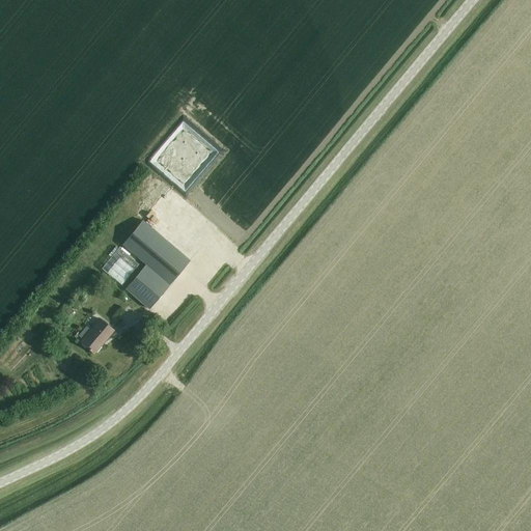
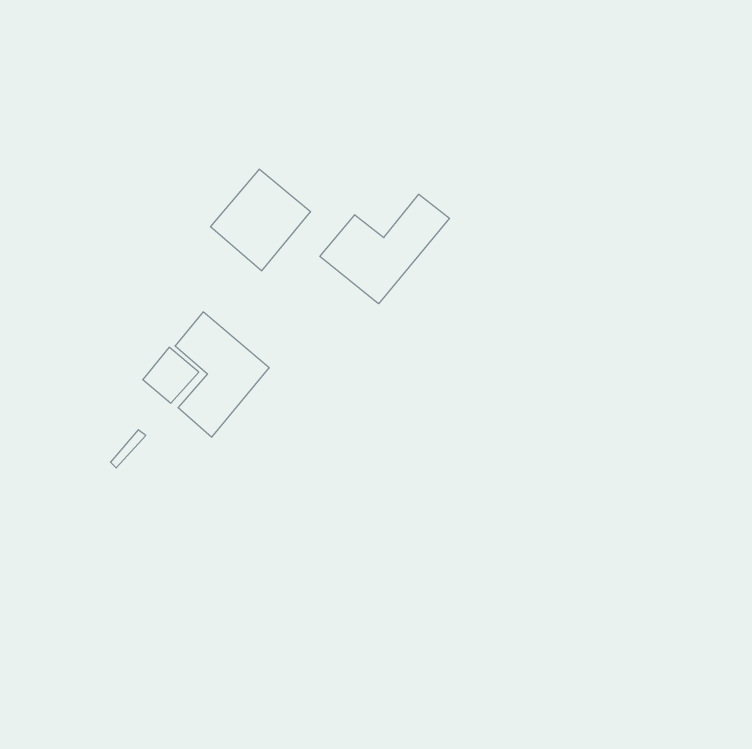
building: none -> [320,194,449,304]
building: [81,318,114,353] -> none

